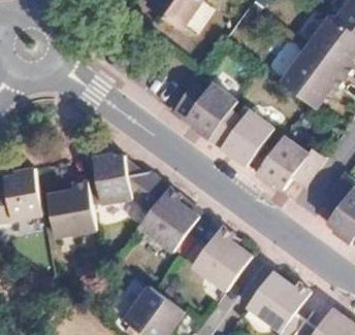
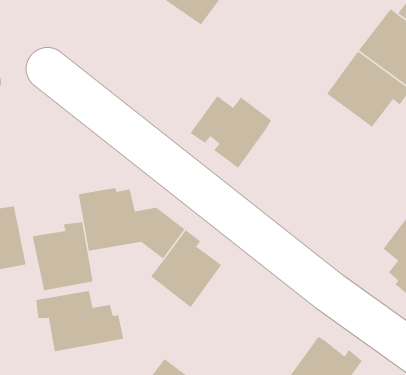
building: [209,110,272,166] -> none
building: [255,136,325,189] -> none
building: [193,227,253,290] -> none
building: none -> [35,290,124,352]

